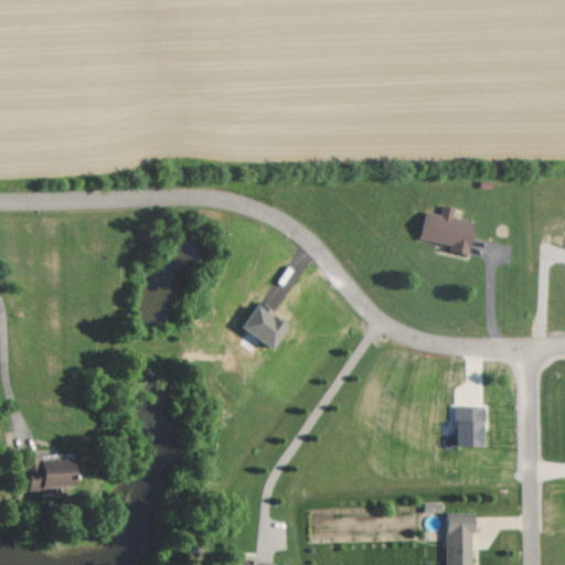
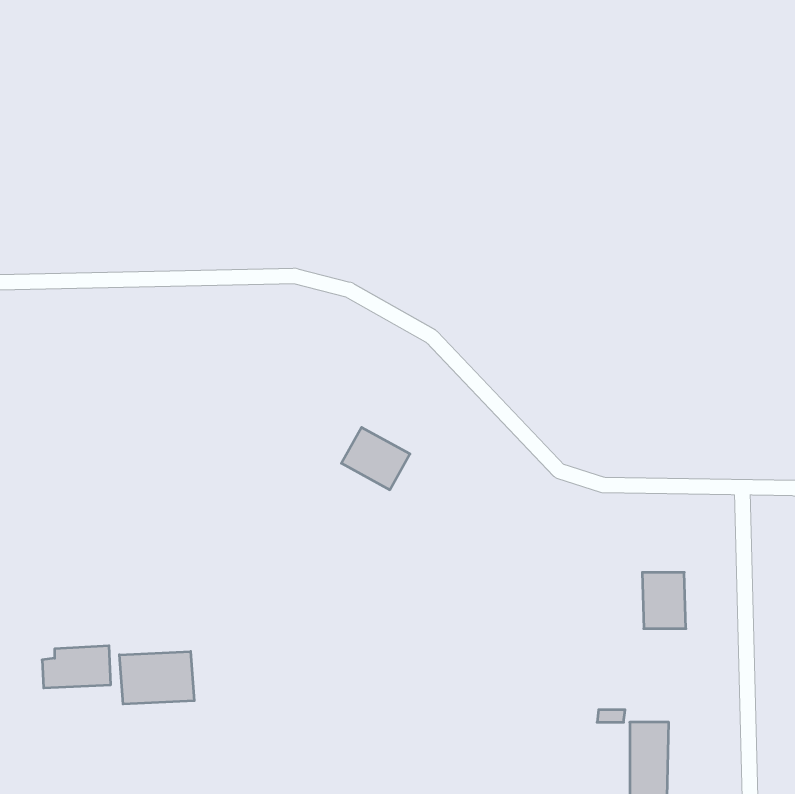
building: [420,206,476,256] -> none
building: none -> [119,651,194,704]

